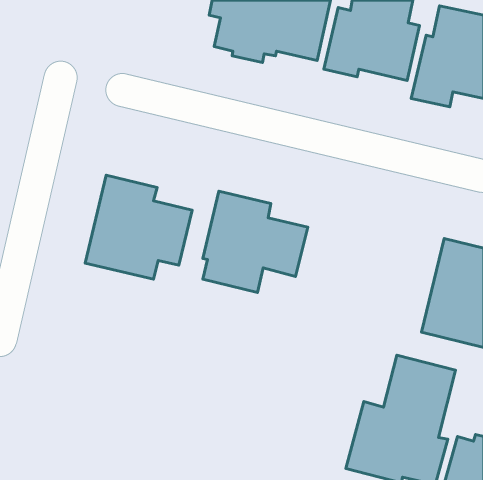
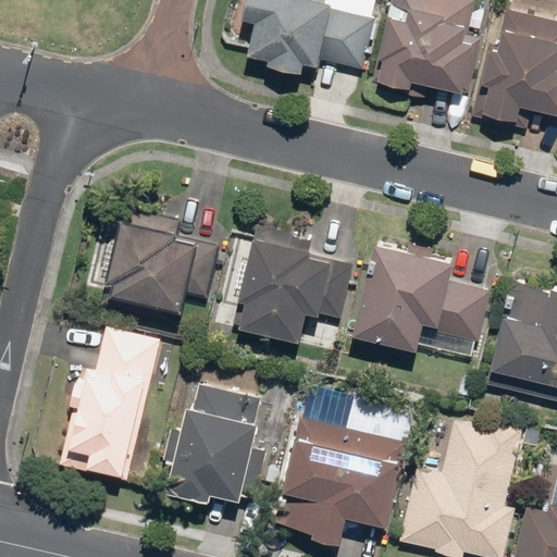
building: none -> [349,242,492,360]
building: none -> [58,326,161,482]
building: none -> [163,383,263,500]
building: none -> [274,417,409,539]

